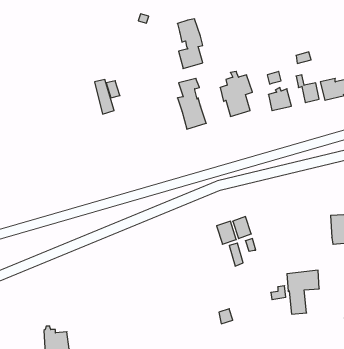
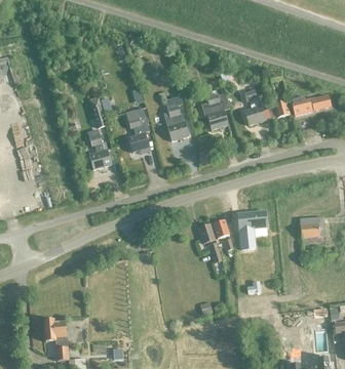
building: [177,19,203,69] -> [126,109,149,153]
building: none -> [89,134,115,170]
building: [287,270,319,314] -> [237,211,266,250]

